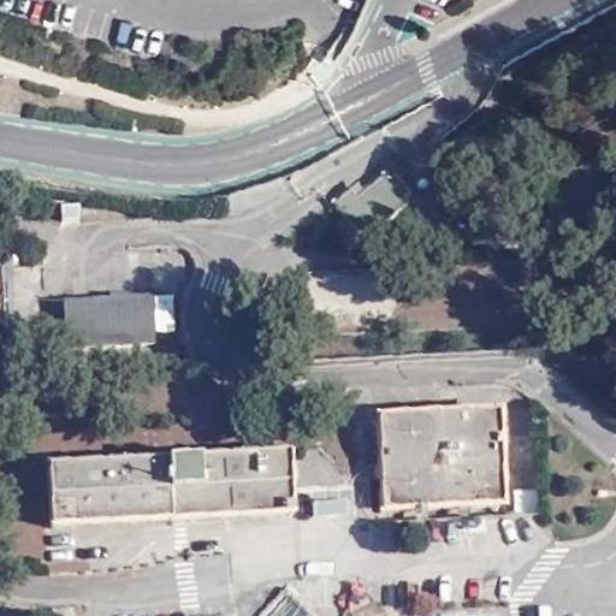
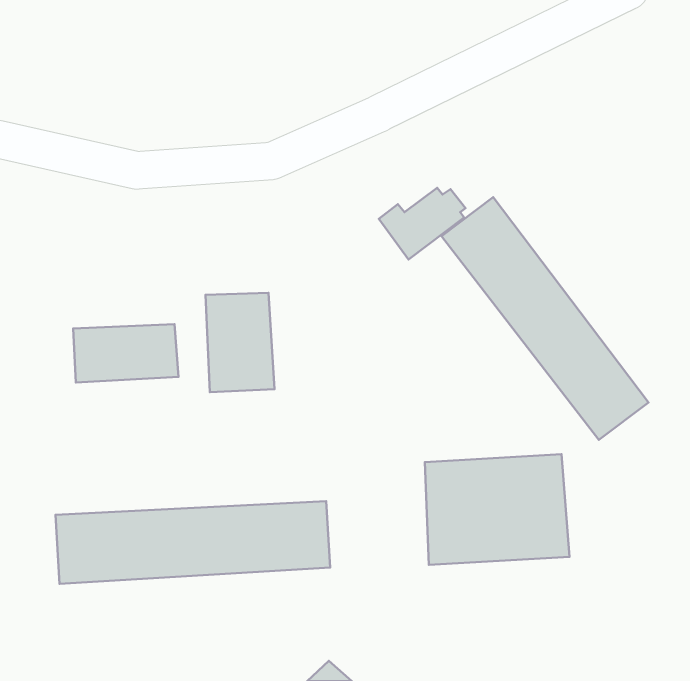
building: none -> [442,197,648,440]
building: none -> [205,293,274,392]

